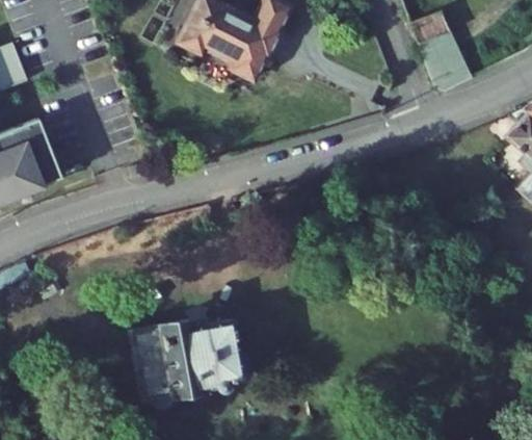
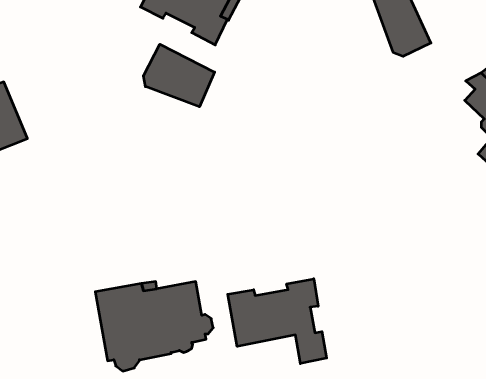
building: none -> [143,44,215,107]
building: none -> [228,279,327,364]

